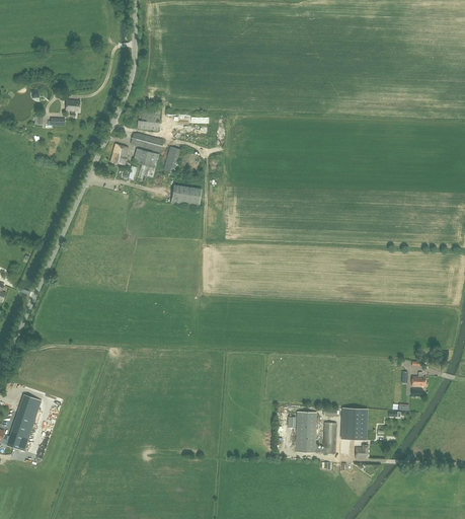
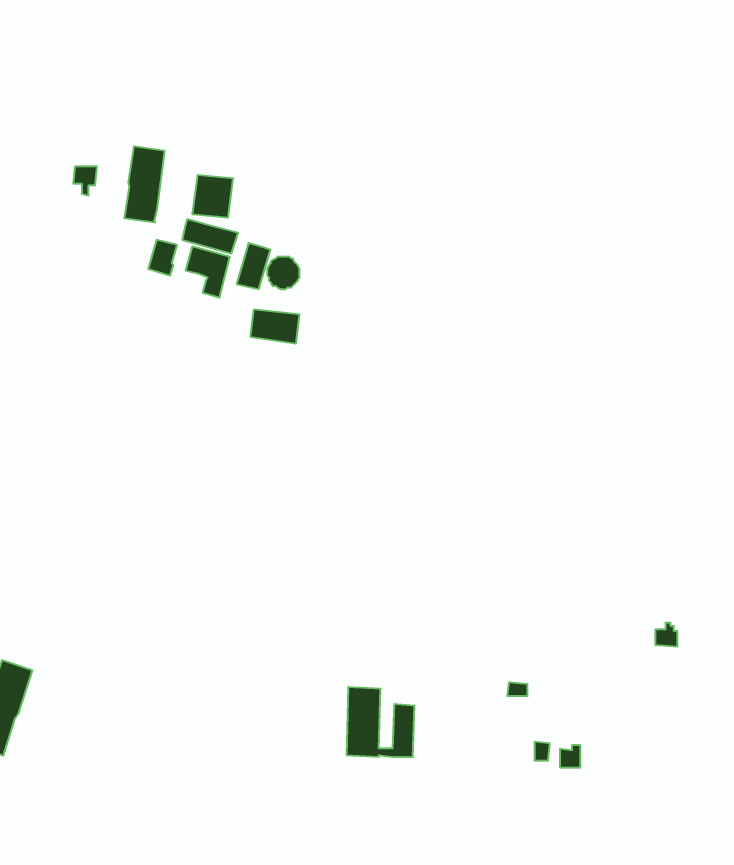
building: none -> [124,146,164,223]
building: [341,406,368,439] -> none
building: [296,411,336,452] -> [347,687,415,757]

